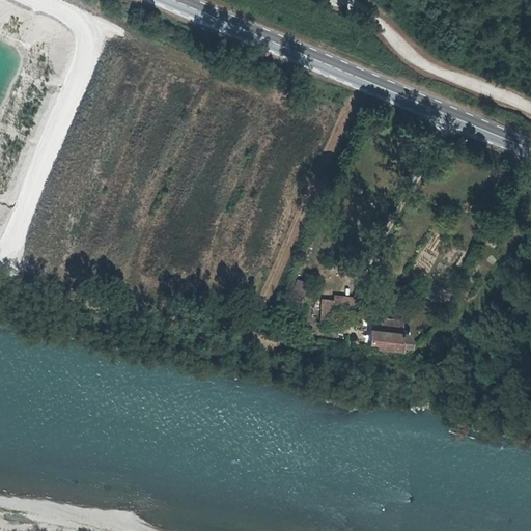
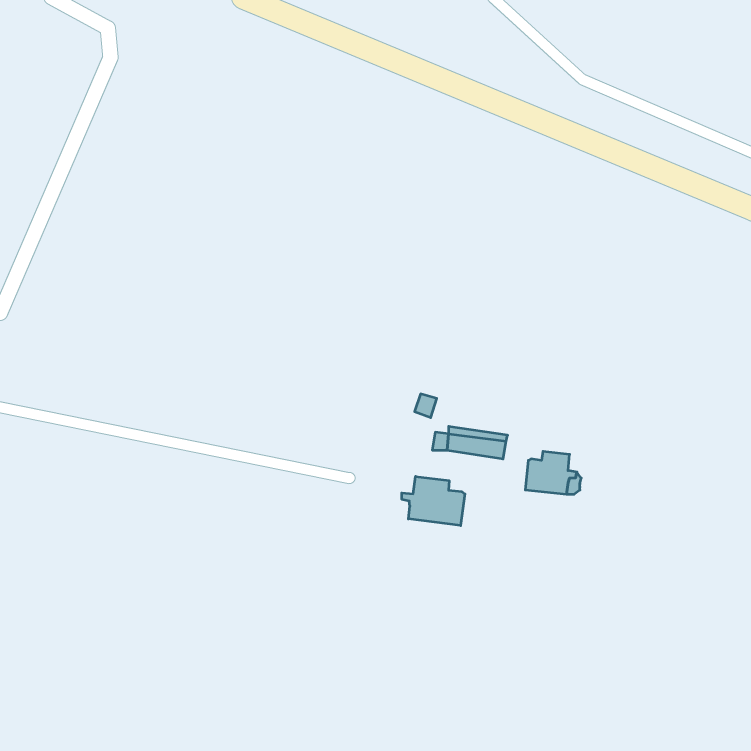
building: none -> [402,476,465,526]

